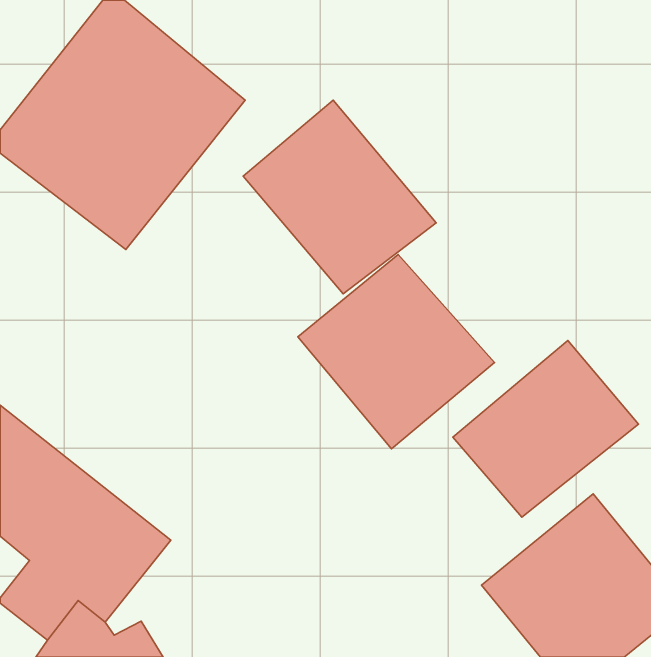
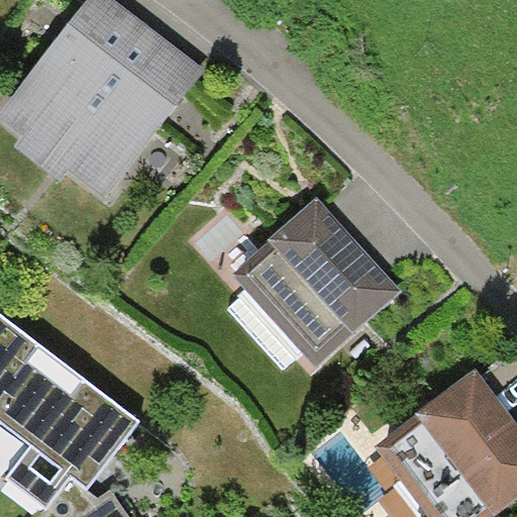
building: [243,100,436,294] -> none
building: [453,340,638,517] -> none

